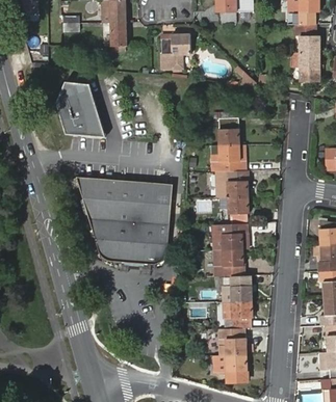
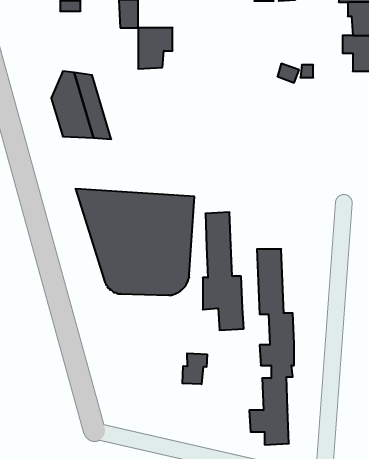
building: [160,34,188,68] -> [138,28,173,69]
building: [215,119,249,215] -> [203,212,244,330]
building: none -> [182,353,207,384]

